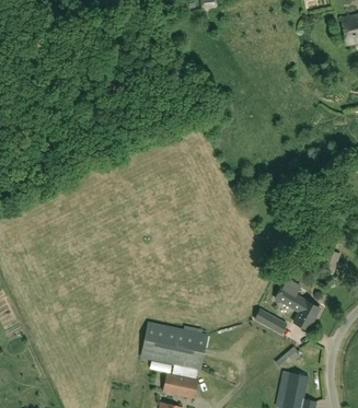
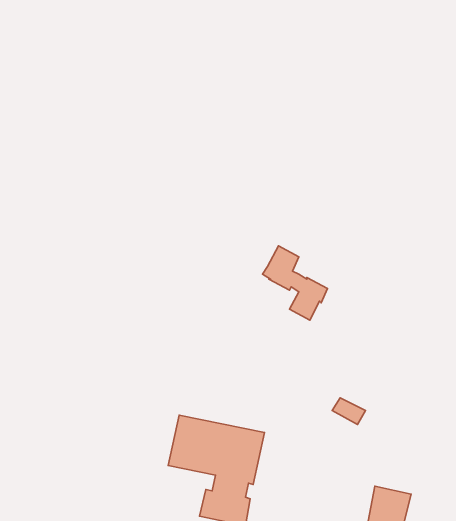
building: [275,278,320,329] -> [263,246,327,320]

